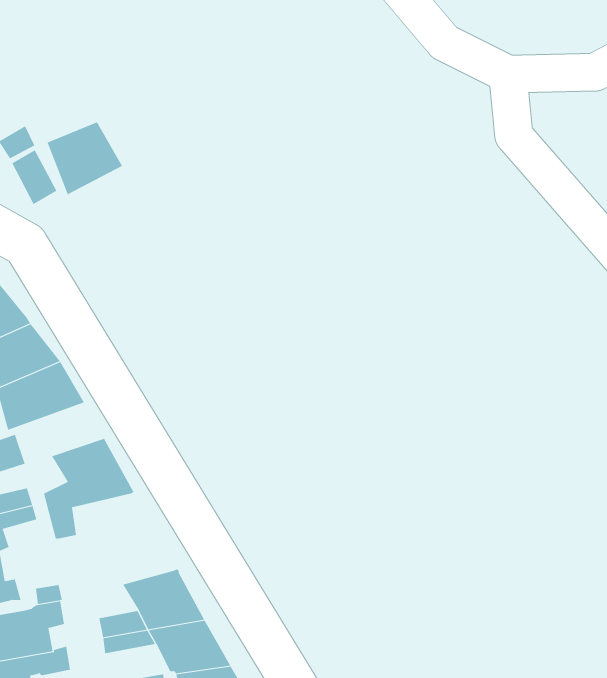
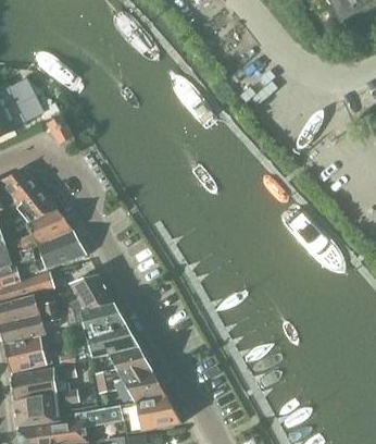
building: [47,121,123,195] -> none
building: none -> [72,304,135,360]

